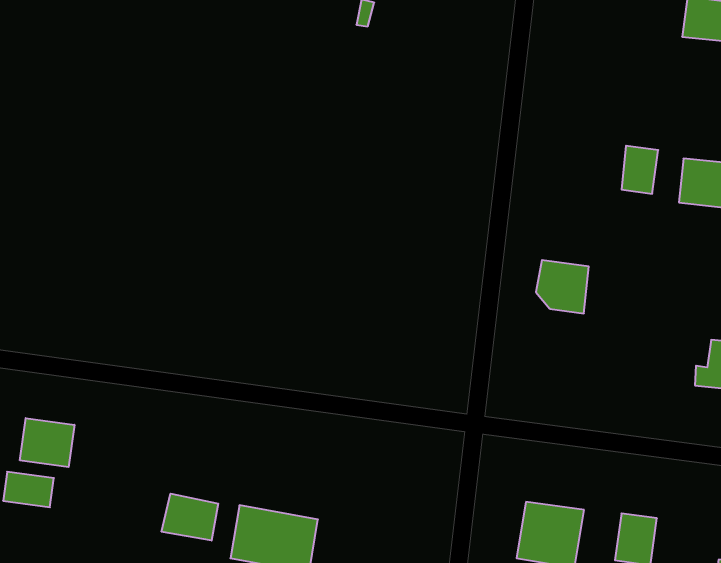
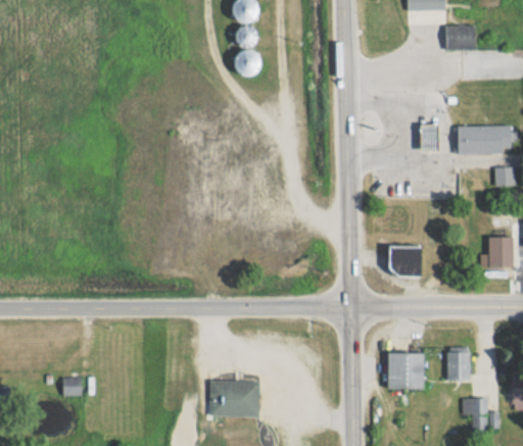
building: [536,260,589,313] -> [391,247,423,277]
building: [20,418,74,467] -> none
building: [162,494,218,541] -> none

